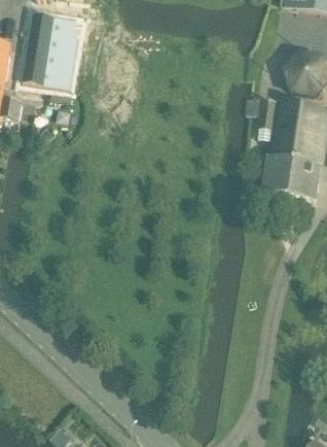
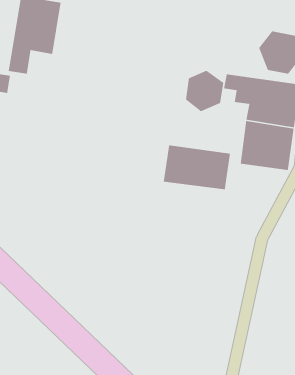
building: none -> [185,70,224,112]
building: none -> [163,144,231,190]

